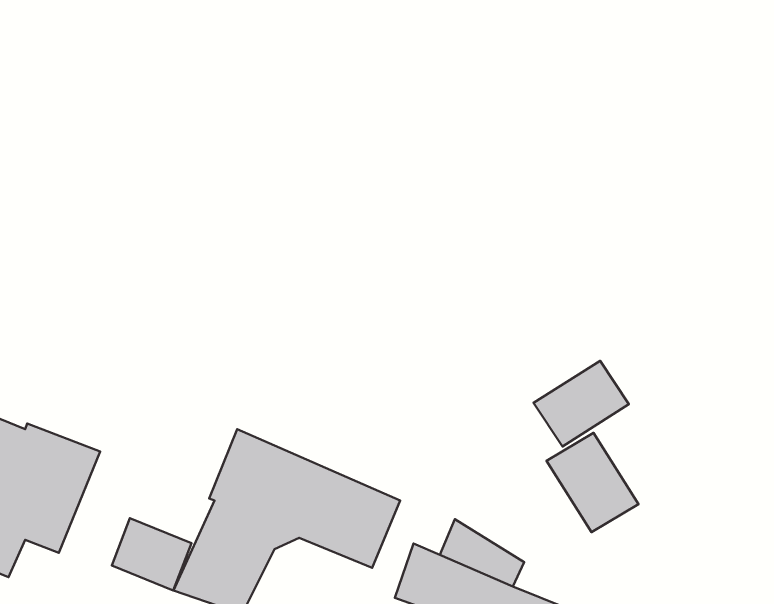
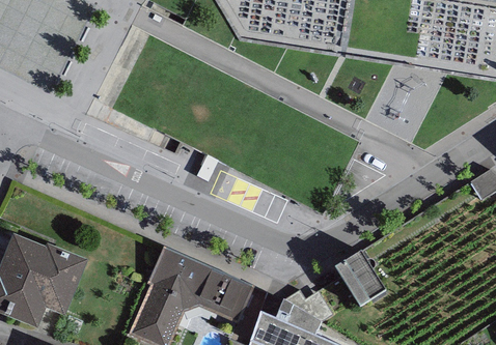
building: [534,361,629,446] -> none
building: [112,518,192,591] -> none

